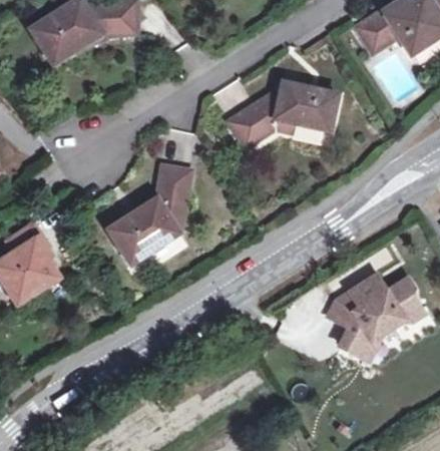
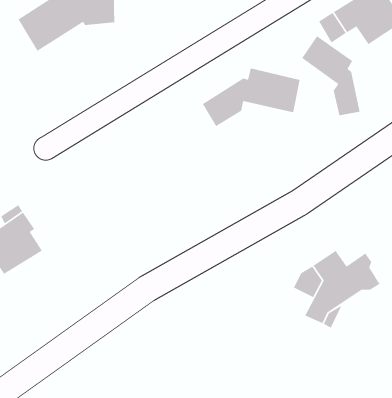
building: none -> [301,35,361,116]
building: [109,167,190,265] -> none

